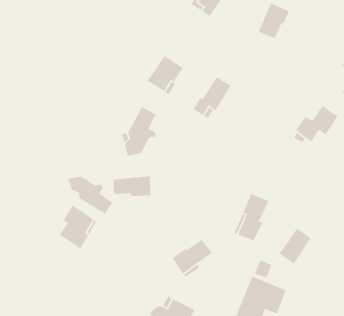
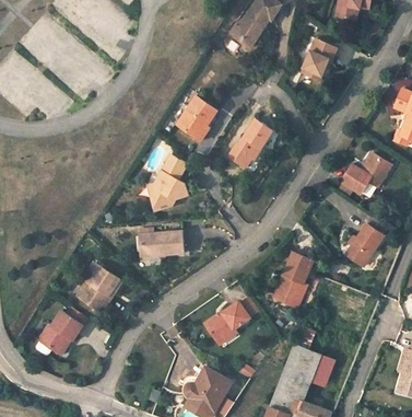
building: [67,176,113,215] -> none
building: [278,227,312,264] -> [345,223,382,265]
building: none -> [36,314,82,358]

